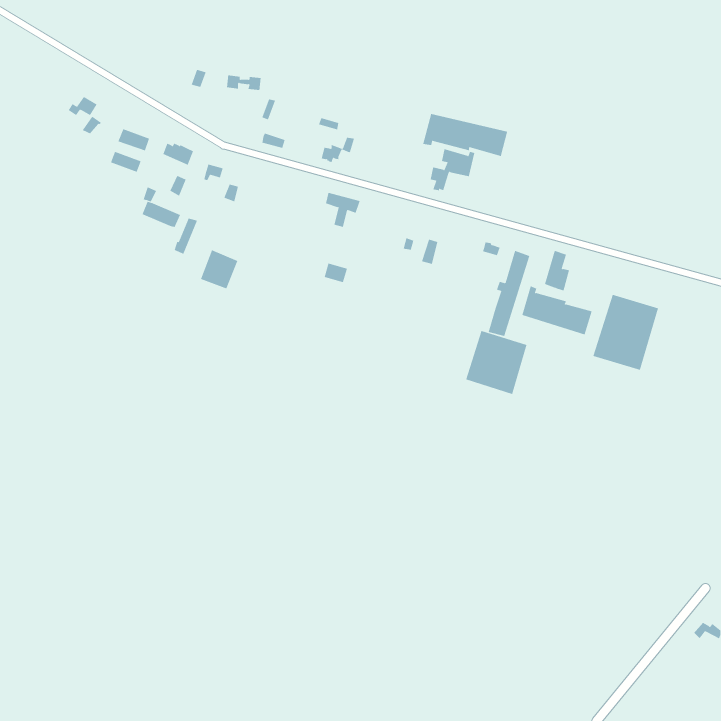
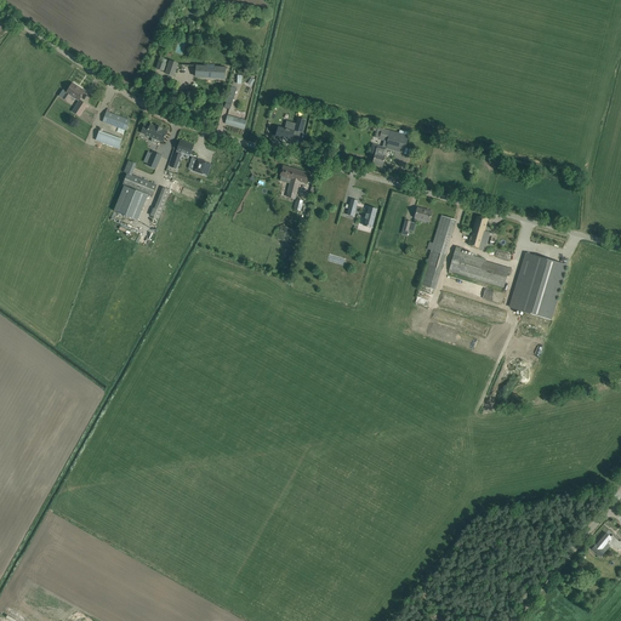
building: [423,113,508,157] -> none
building: [200,249,238,289] -> [113,184,146,218]
building: [465,330,527,395] -> none

